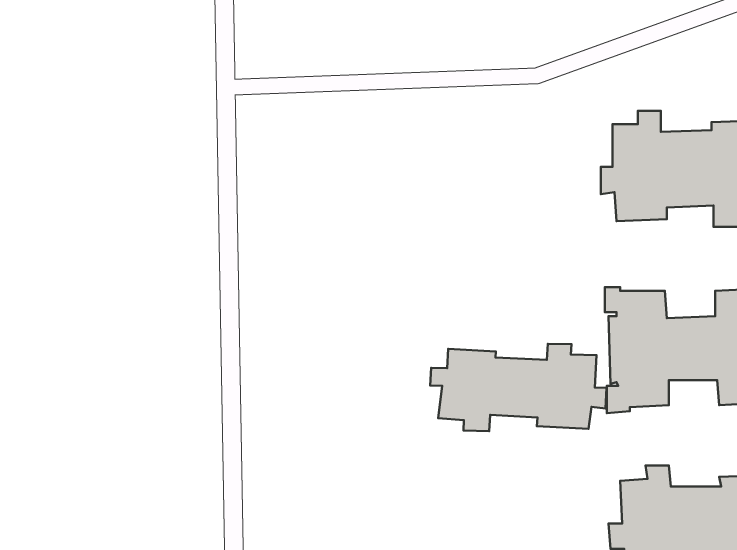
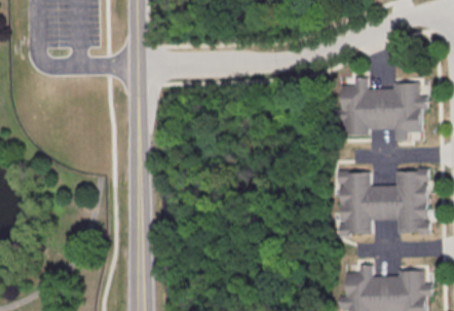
building: [430,344,607,431] -> none

